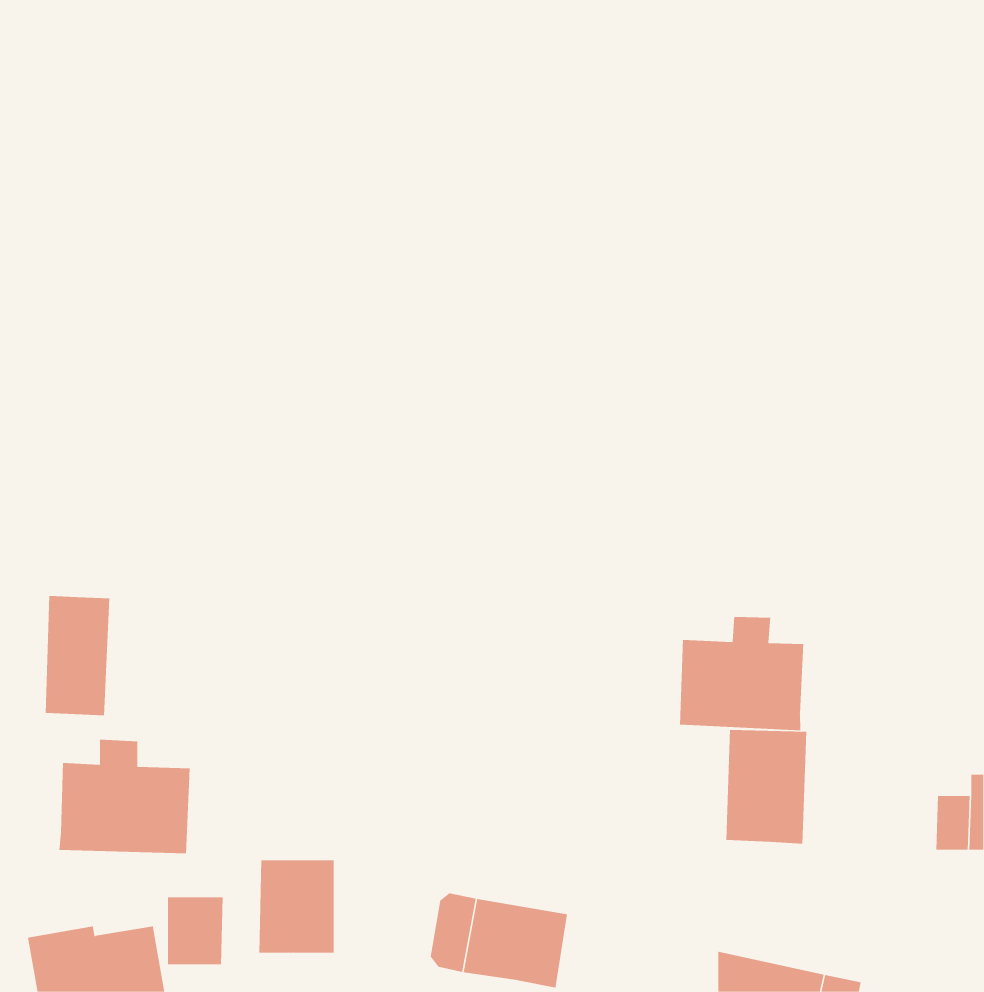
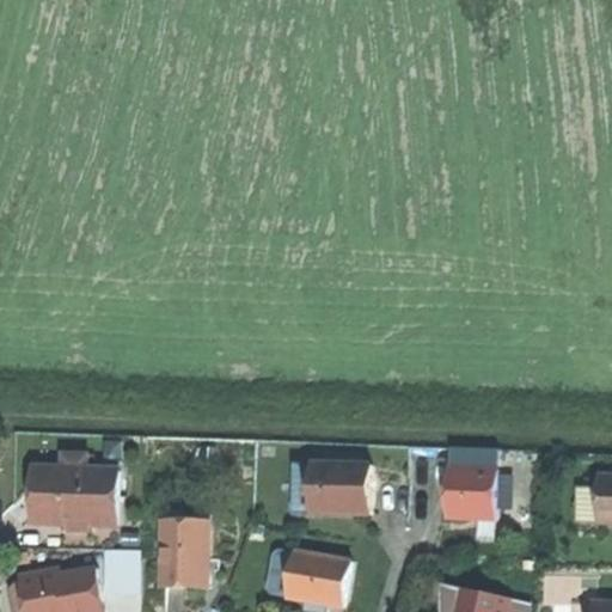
building: [45,595,110,716] -> none
building: [679,616,804,731] -> none
building: none -> [310,464,369,514]

